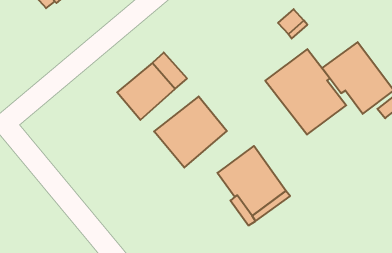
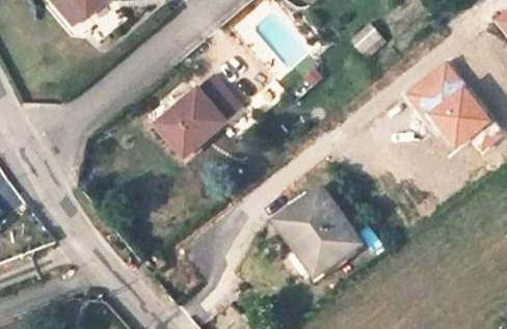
building: [265,49,346,135] -> none
building: [154,96,227,168] -> none

